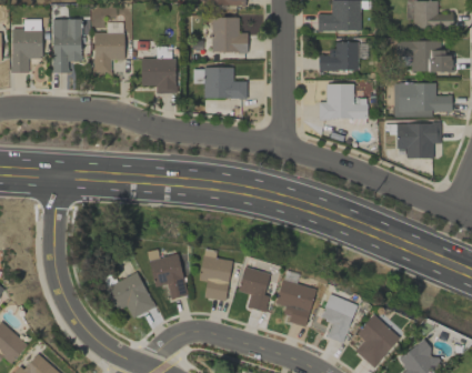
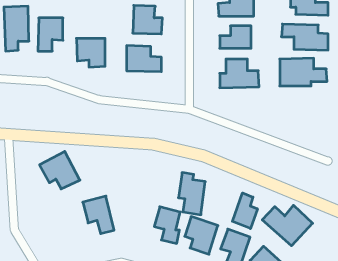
building: [395,122,441,159] -> none
building: [199,249,232,301] -> [178,173,205,215]
building: none -> [232,193,257,229]
building: none -> [262,205,313,246]
building: [106,271,155,317] -> [40,151,80,189]

